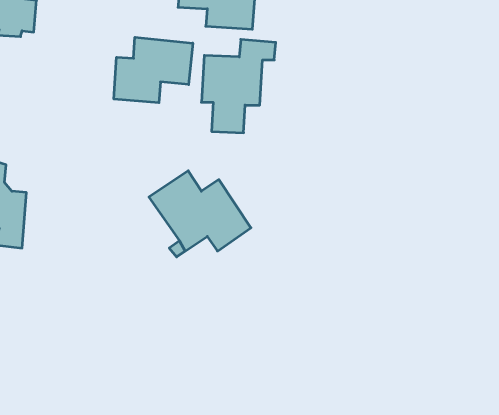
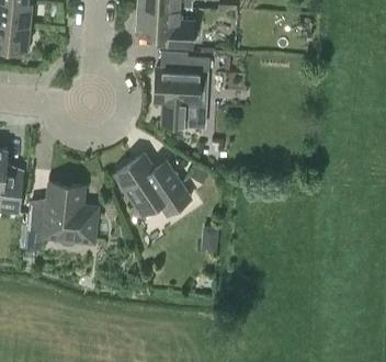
building: [114,37,193,103] -> none
building: none -> [24,182,96,250]

